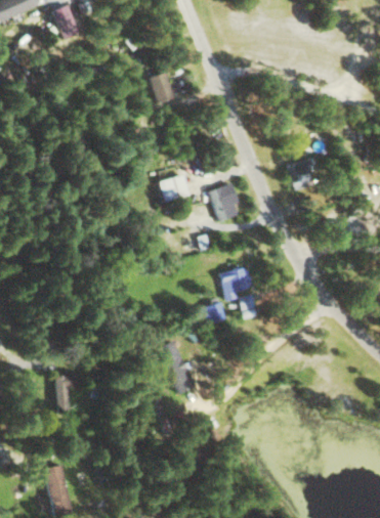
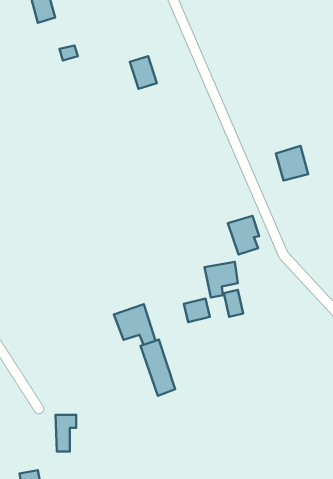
building: [161,174,188,199] -> none
building: [209,182,239,219] -> [228,216,259,255]
building: none -> [114,304,155,345]
building: [55,374,75,408] -> [56,415,76,452]

